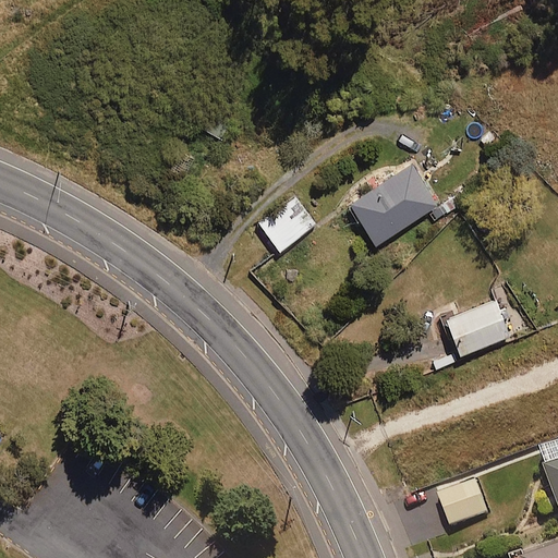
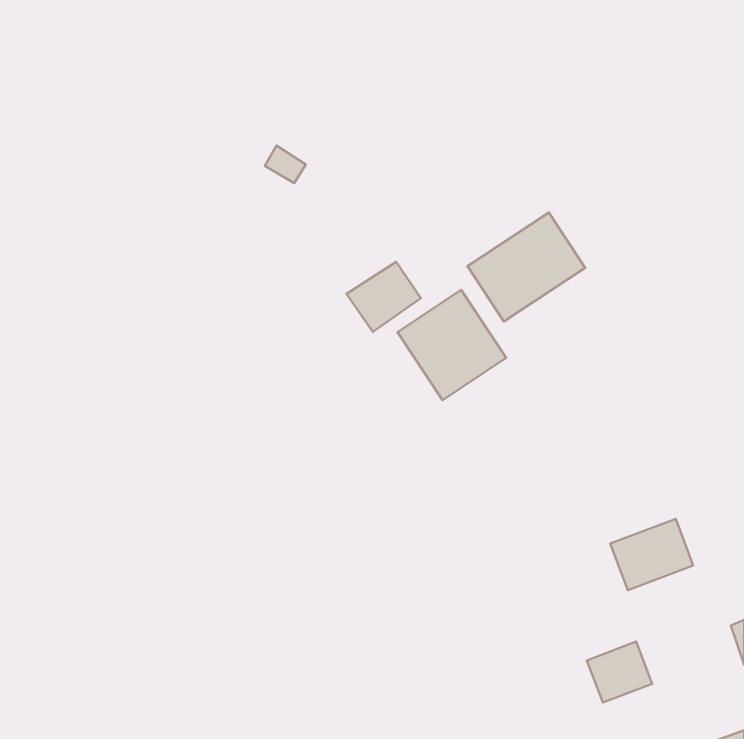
building: none -> [397,290,506,400]
building: [447,301,509,354] -> [610,519,693,590]

